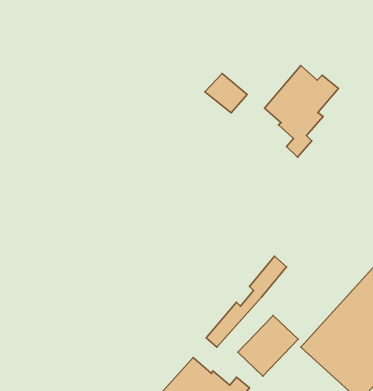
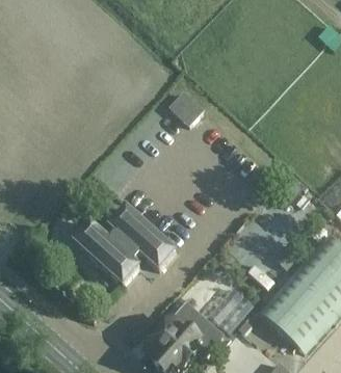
building: [265,65,338,157] -> none
building: none -> [75,205,179,285]

